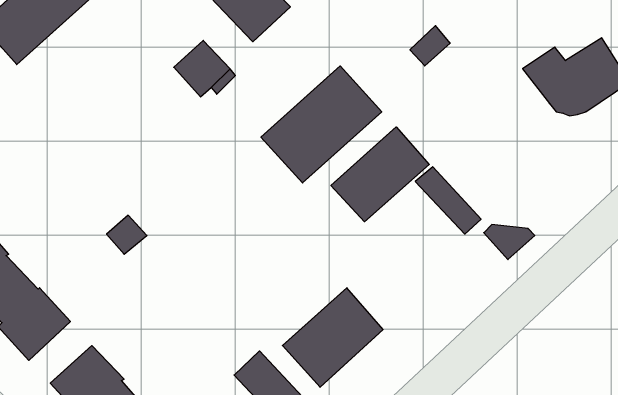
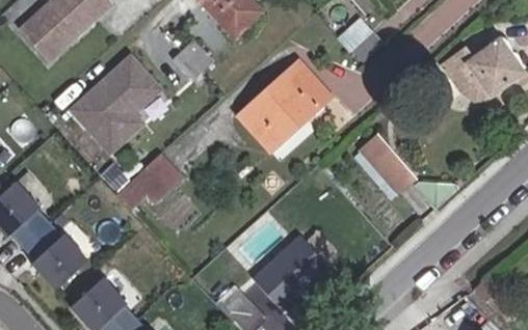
building: none -> [72,56,160,152]
building: [331,127,429,222] -> none
building: none -> [133,154,181,201]

